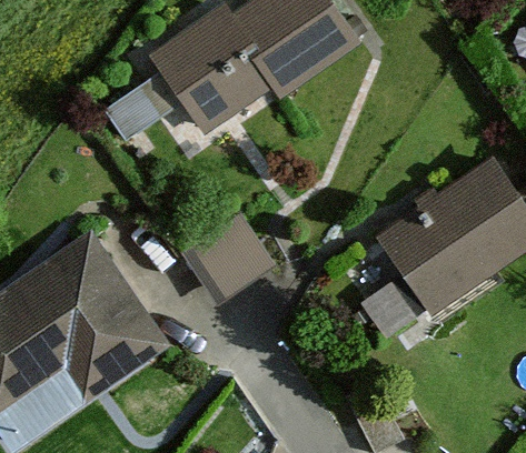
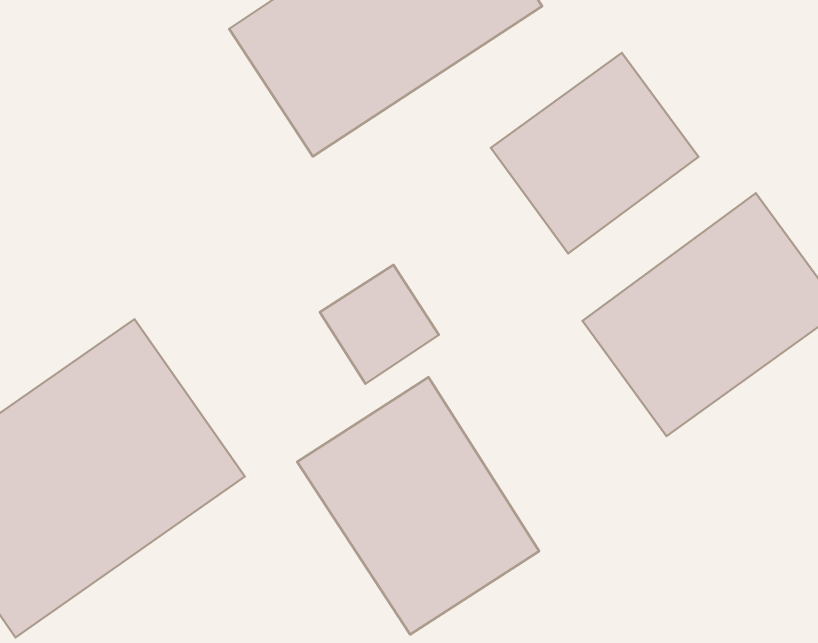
building: none -> [491,53,698,254]
building: none -> [297,377,539,634]

